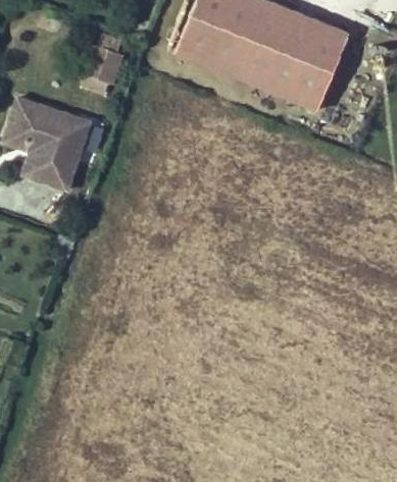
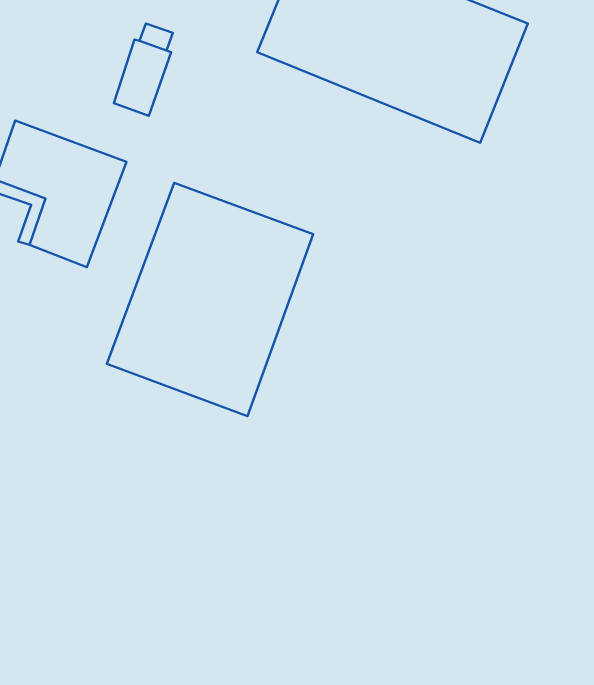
building: none -> [107,183,313,416]

